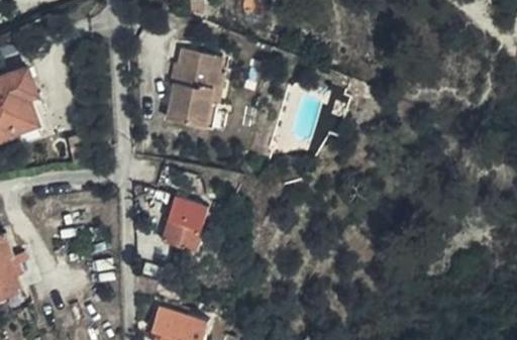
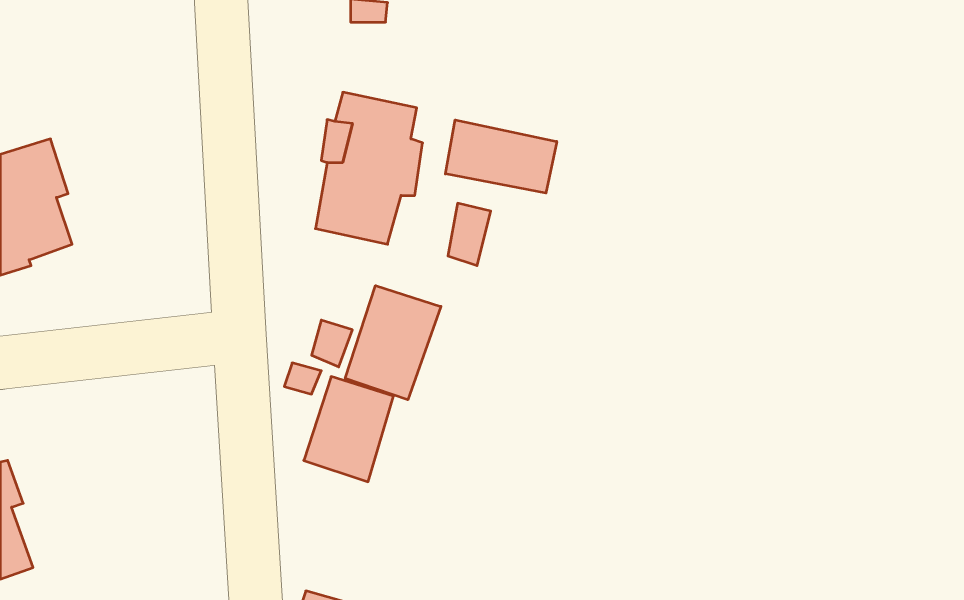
building: none -> [445,120,557,193]
building: none -> [345,286,441,400]

